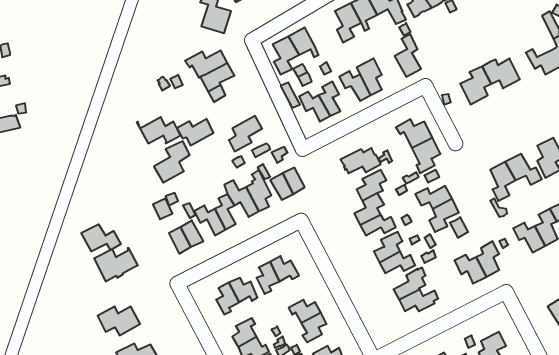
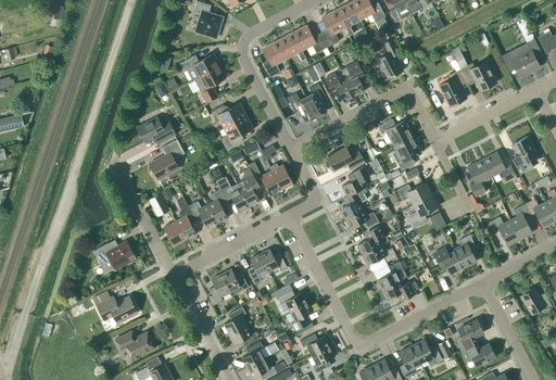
building: none -> [292,25,326,53]
building: [177,119,214,145] -> [211,103,245,128]
building: [81,224,121,251] -> none

